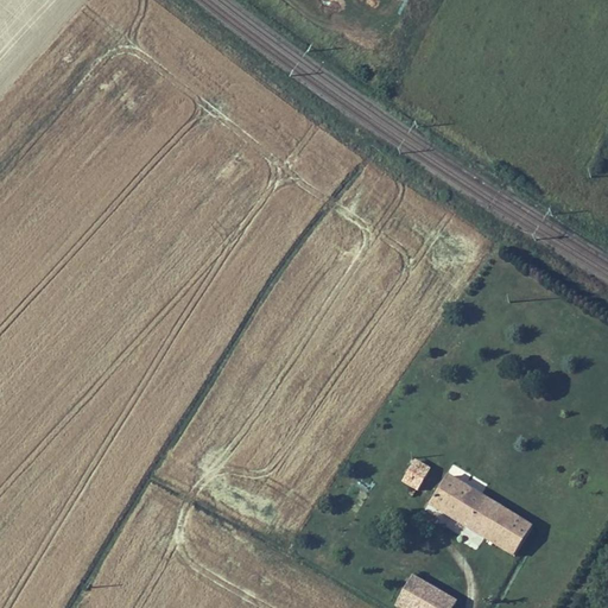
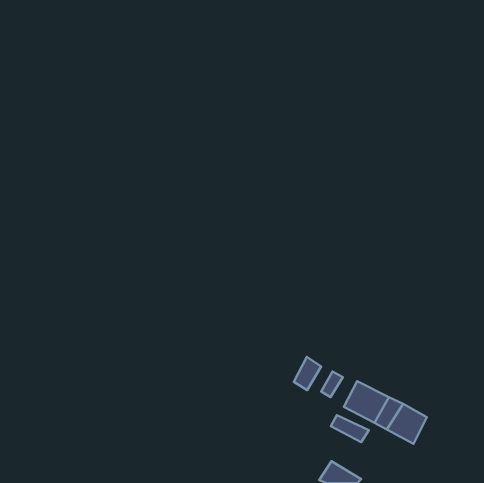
building: none -> [294,357,321,390]
building: none -> [331,415,369,442]

